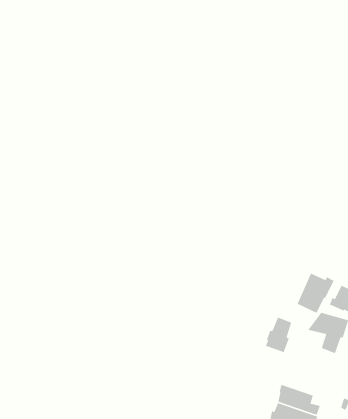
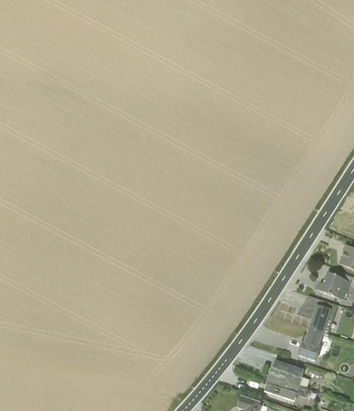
building: [297,273,335,314] -> none
building: [265,317,292,353] -> [299,328,324,360]

